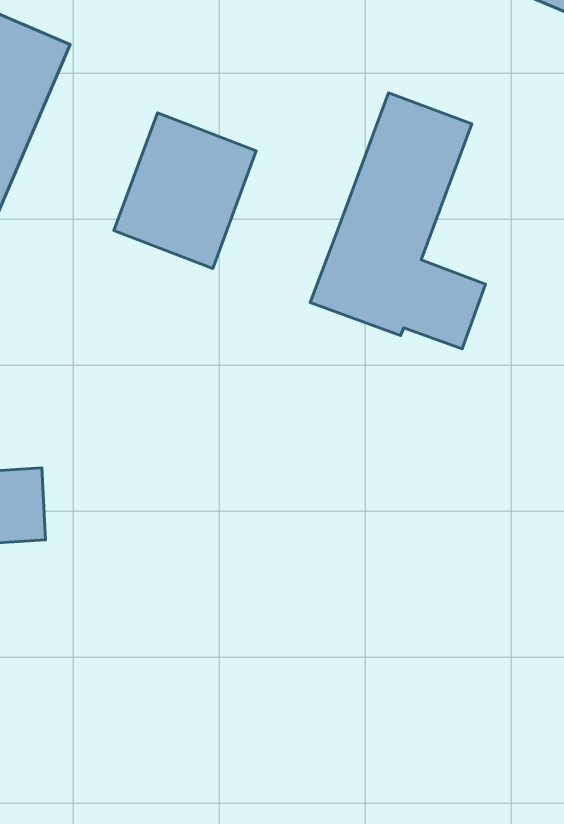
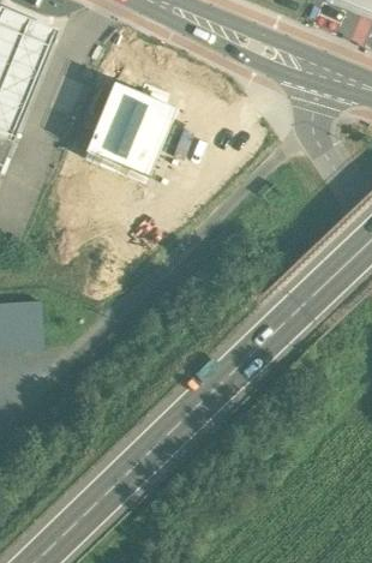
building: [310,93,485,349] -> none

